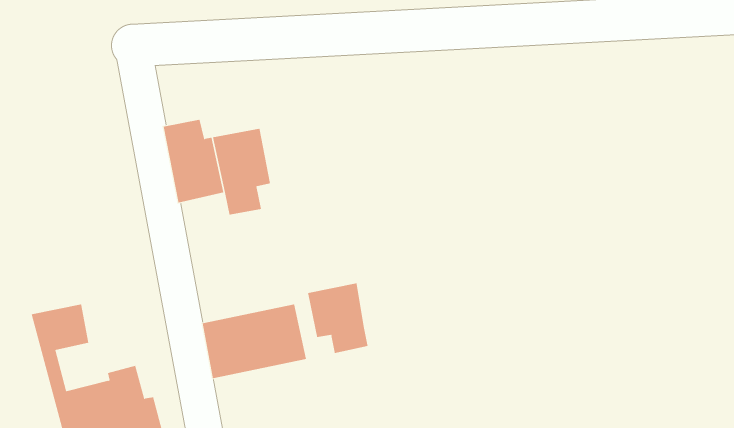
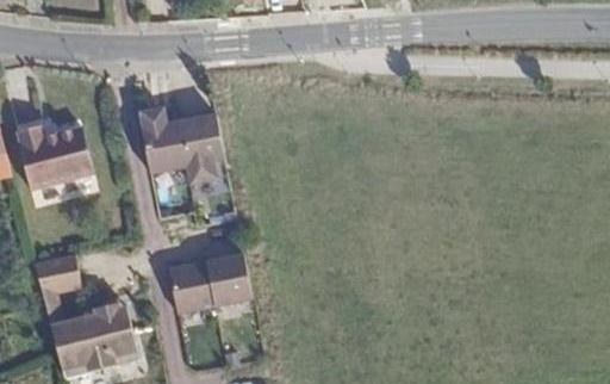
building: none -> [17,125,94,188]
building: [308,282,368,354] -> none

